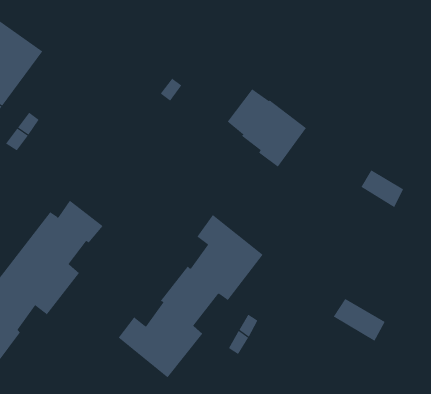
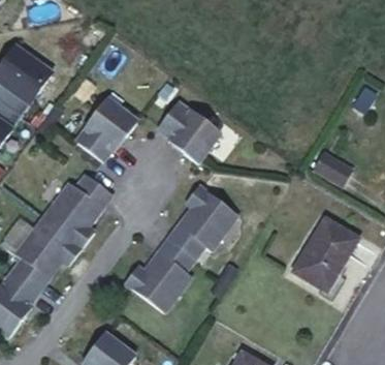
building: [227,89,307,167] -> [157,103,220,165]
building: none -> [76,99,137,162]
building: none -> [301,217,355,271]

